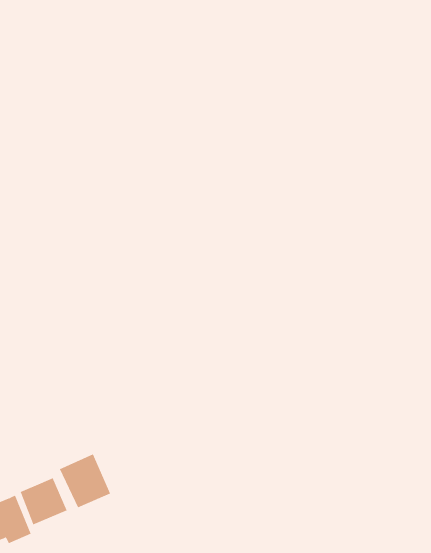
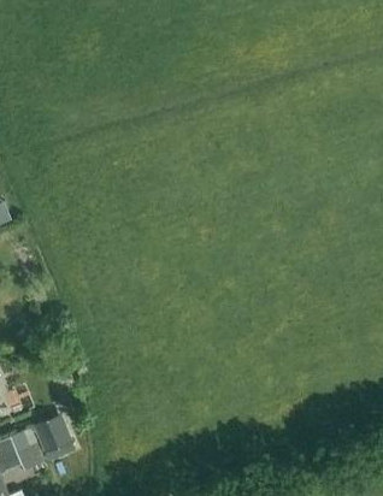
building: [59,453,111,508] -> none

